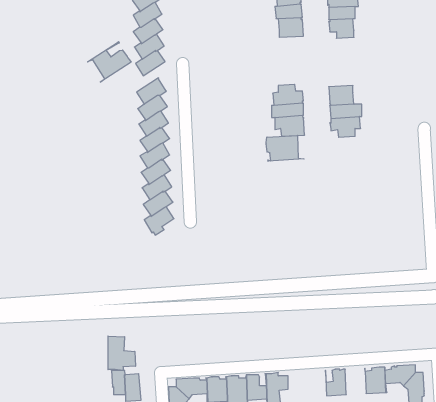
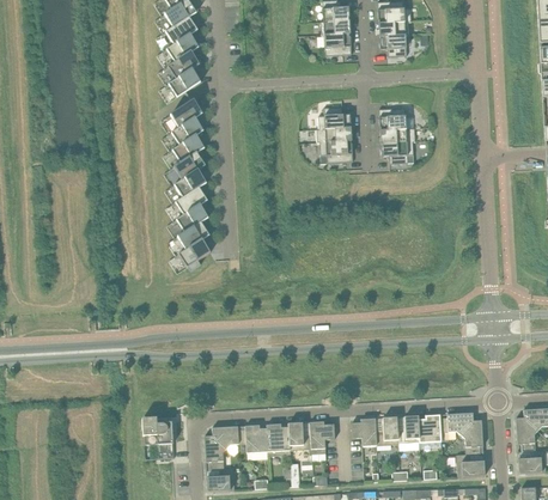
building: [88,42,131,82] -> none
building: [266,135,304,161] -> none
building: [108,336,135,370] -> none
building: none -> [397,415,420,444]
building: none -> [352,417,377,445]

